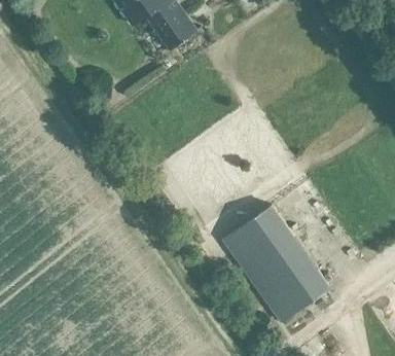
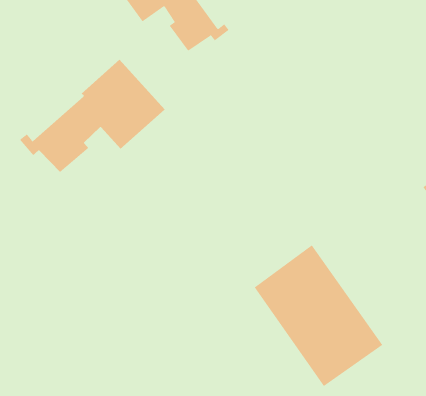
building: none -> [19,59,165,173]

